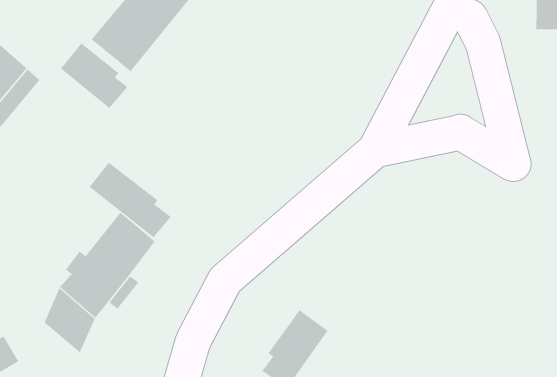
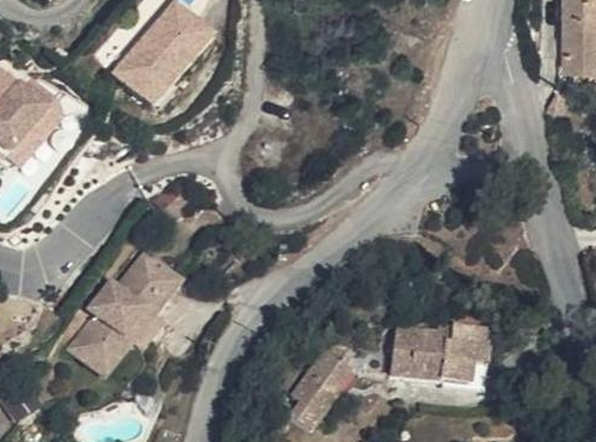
building: [60,42,128,109] -> none
building: [89,162,171,238] -> none
building: none -> [388,323,489,388]

